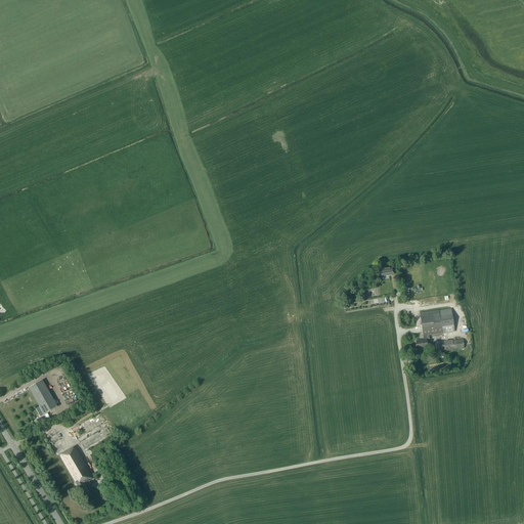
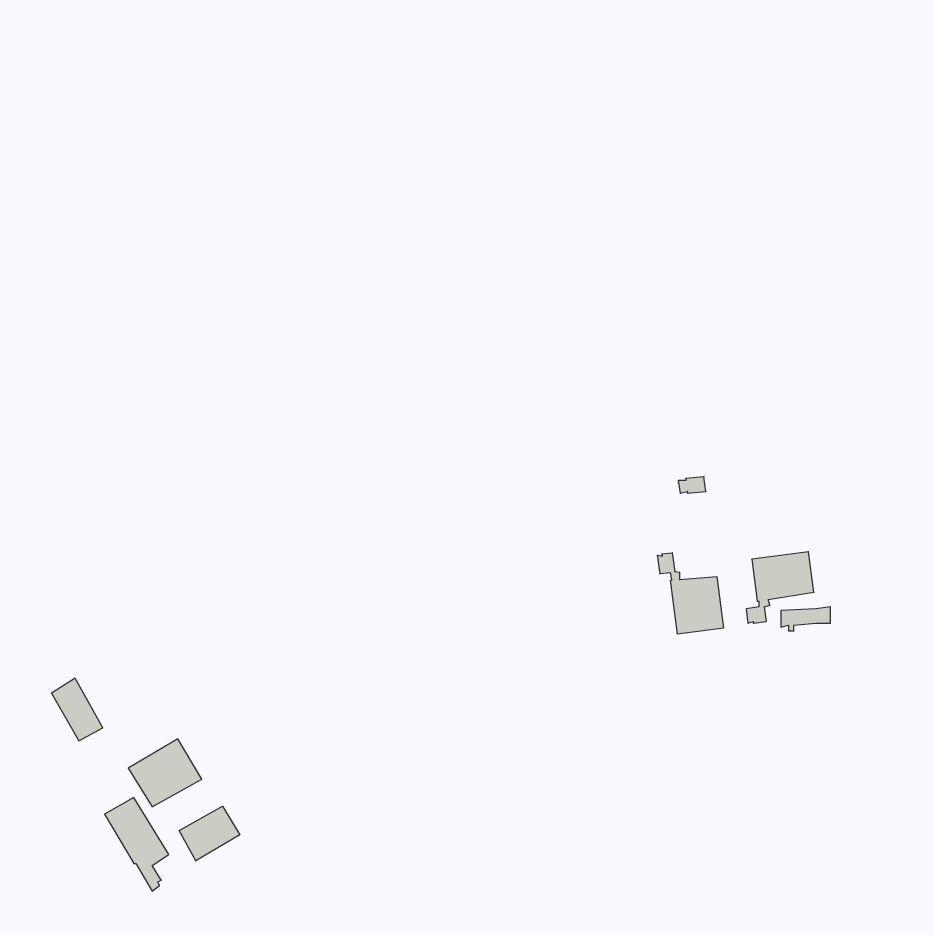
building: none -> [658,553,723,634]
building: none -> [179,806,240,861]

